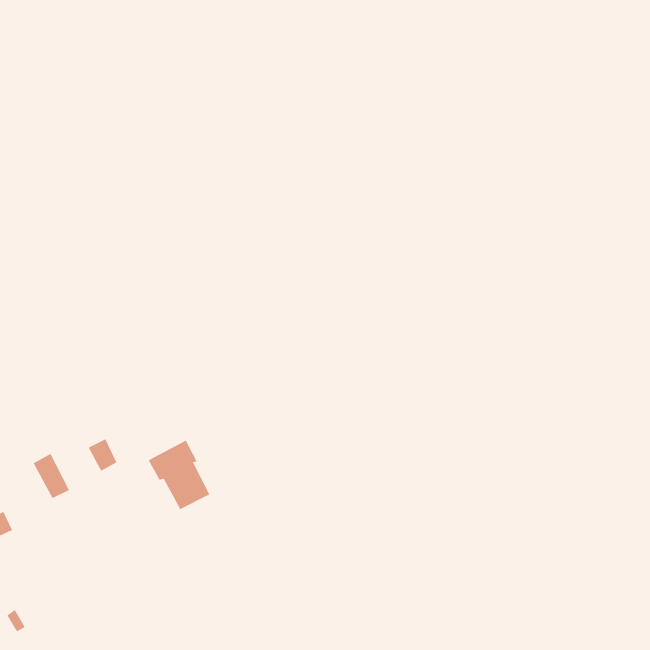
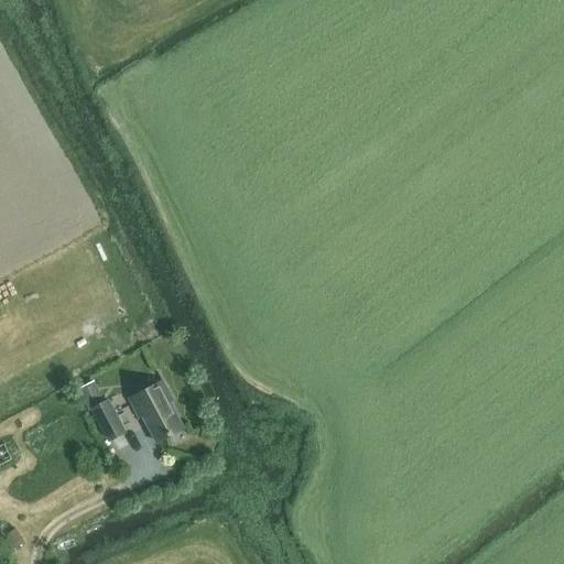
building: [33,453,70,499] -> [91,399,123,438]

